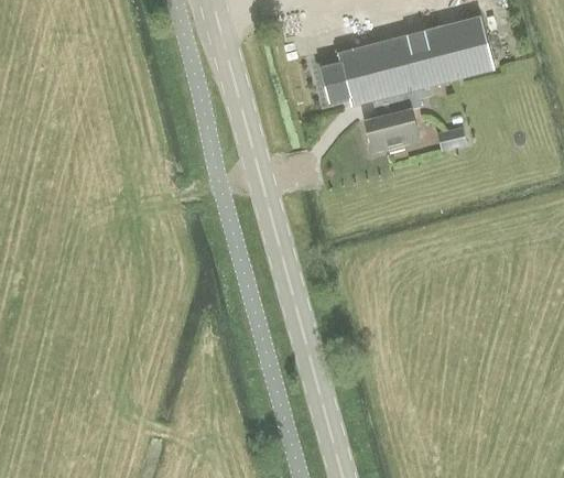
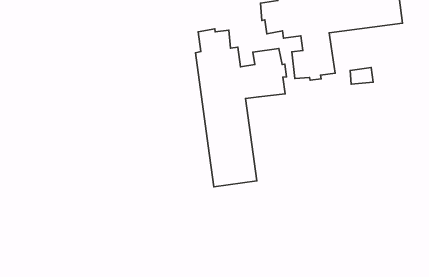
building: none -> [196,29,287,187]

